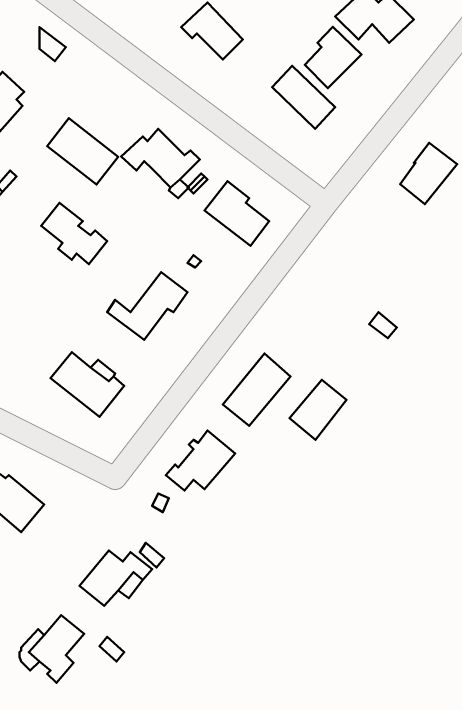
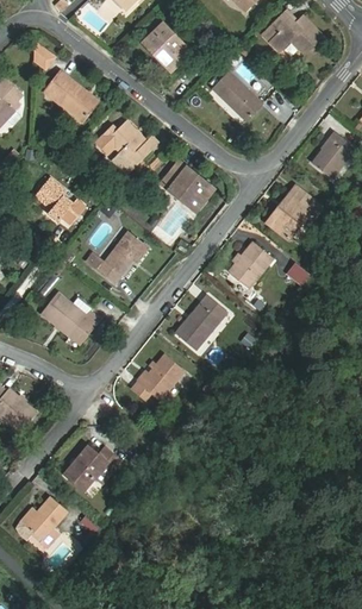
building: [305,27,361,88] -> none
building: [47,118,118,184] -> [44,70,99,121]
building: none -> [269,186,322,238]
building: [289,380,346,440] -> [229,241,273,288]

